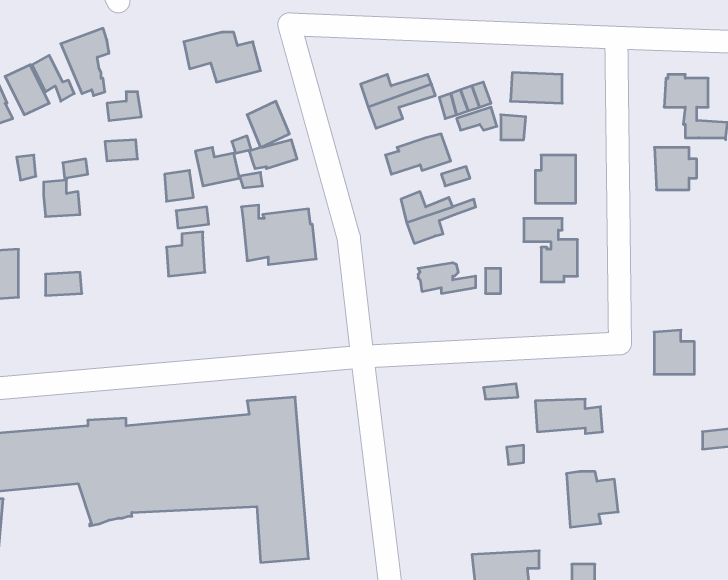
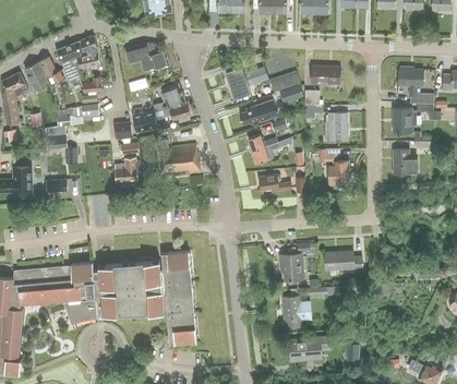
building: none -> [75,35,99,69]
building: [654,330,694,374] -> [393,148,416,173]
building: none -> [278,253,303,279]
building: [566,472,618,527] -> [281,296,311,327]

